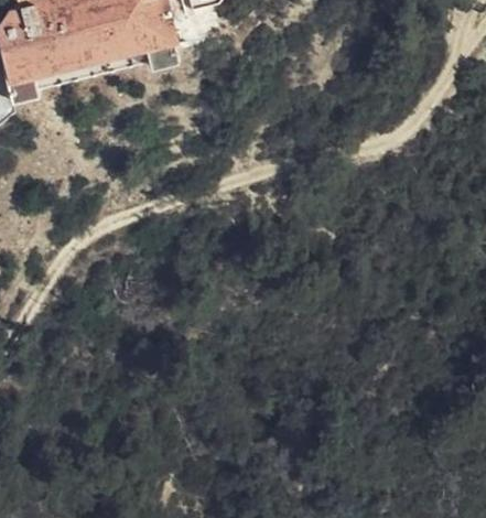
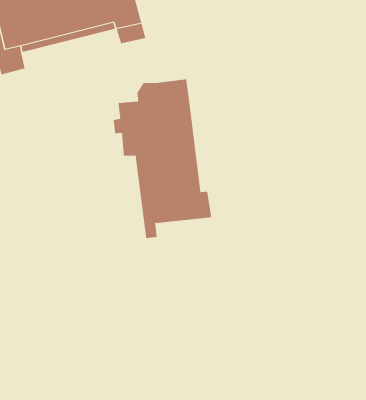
building: none -> [113,78,212,239]

